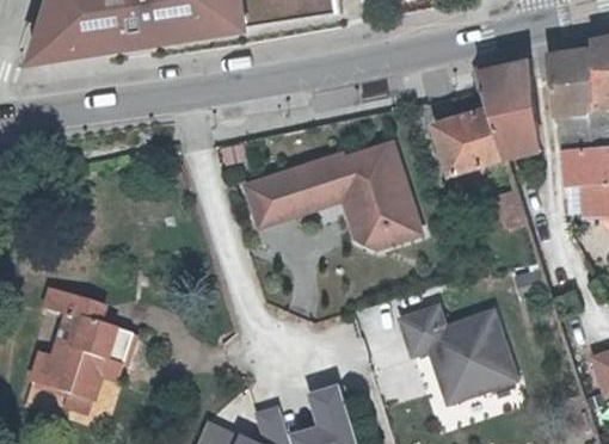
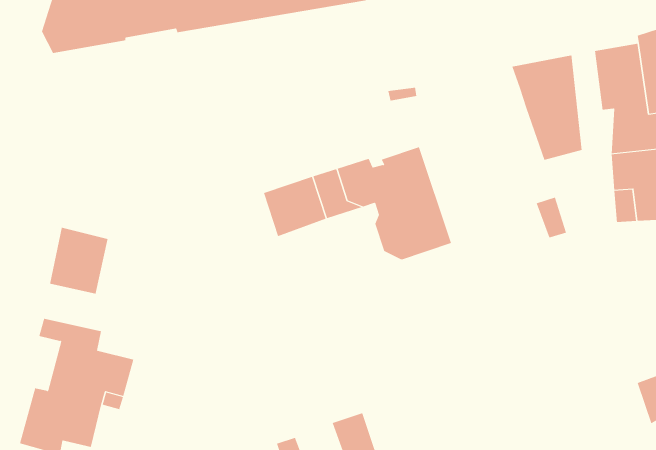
building: [432,106,504,171] -> none
building: none -> [50,227,108,294]
building: [400,308,513,401] -> none

